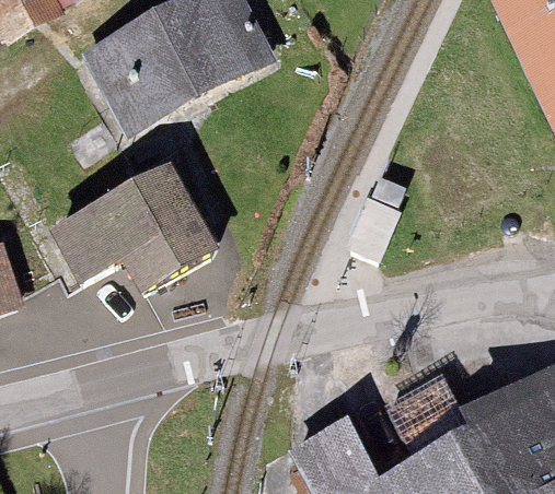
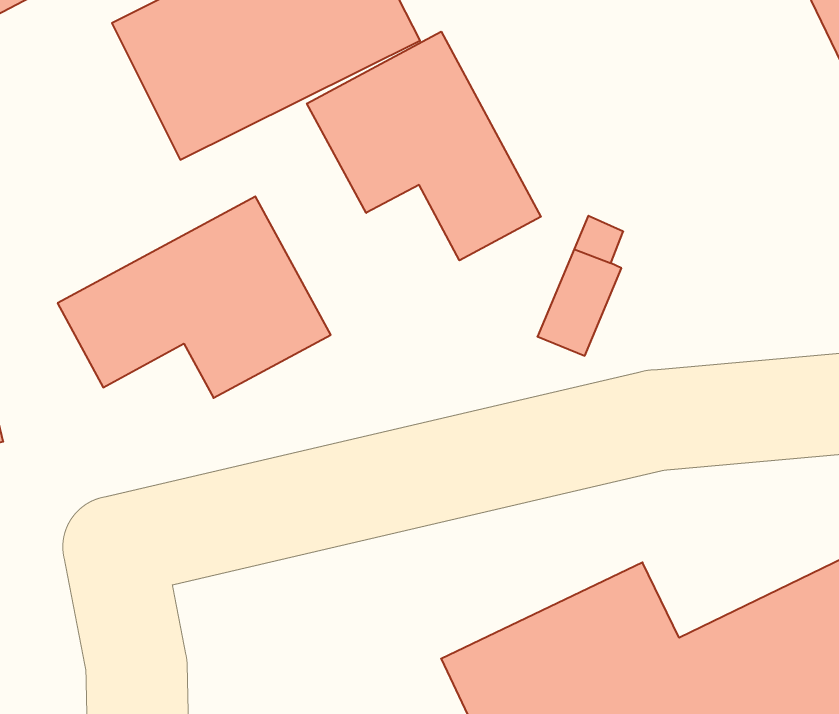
building: none -> [307,32,541,260]

